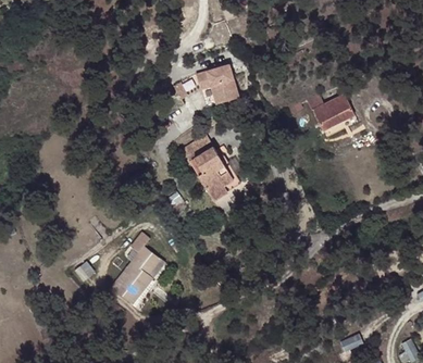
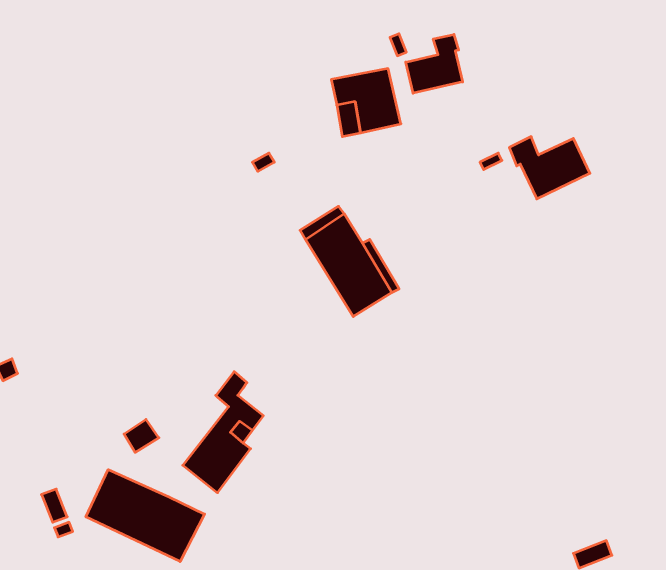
building: none -> [406,34,463,93]
building: none -> [86,470,205,562]

